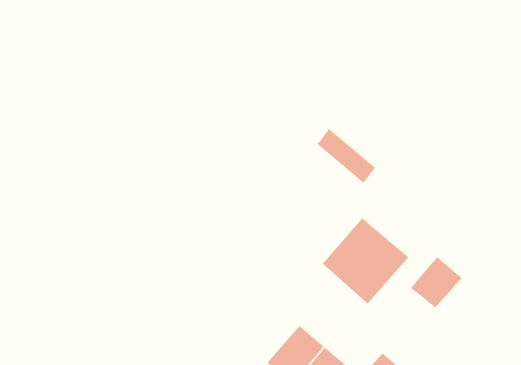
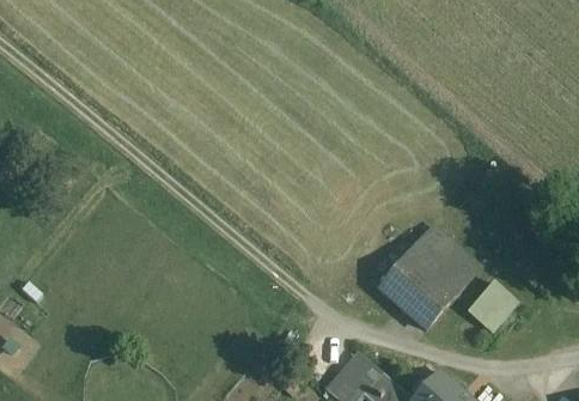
building: [317,128,376,184] -> [419,229,477,284]

